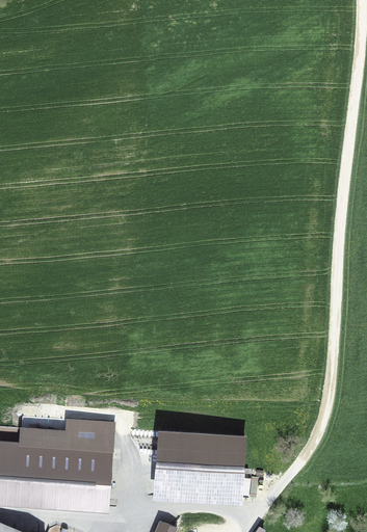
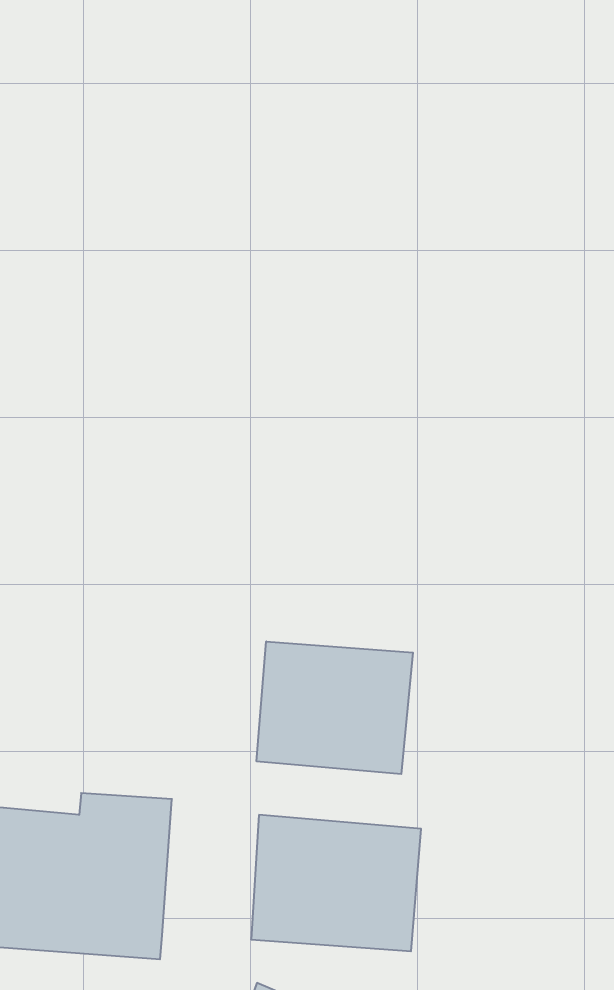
building: none -> [257,641,413,774]

